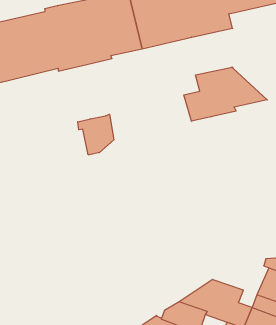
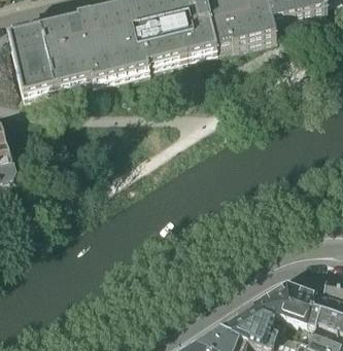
building: [184,67,267,121] -> none
building: [78,114,114,155] -> none
building: none -> [253,279,313,316]

